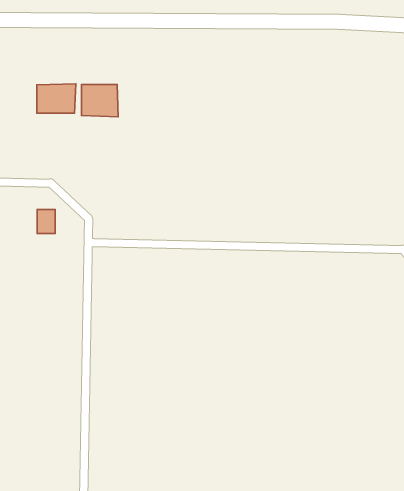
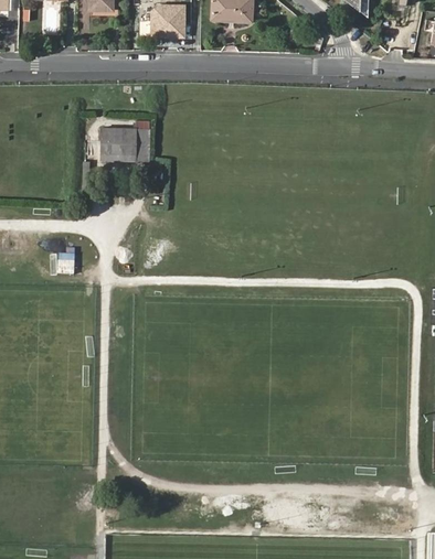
building: [37,84,76,113] -> none

